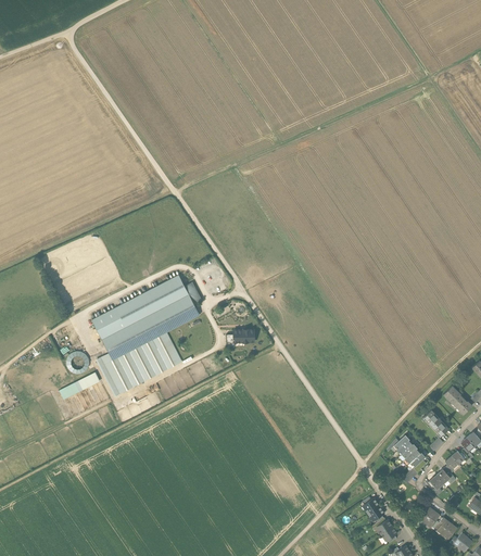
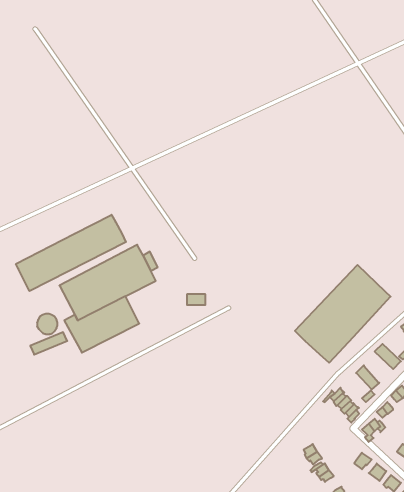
building: none -> [16,215,126,291]
building: none -> [295,265,391,363]

